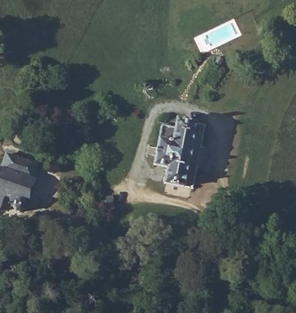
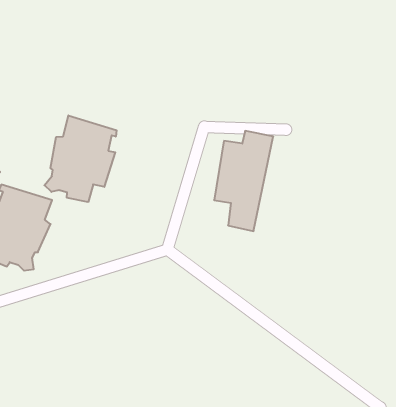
building: none -> [44,115,117,202]

